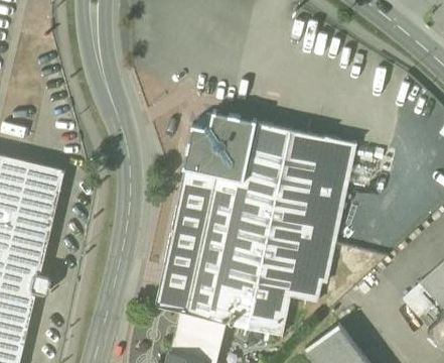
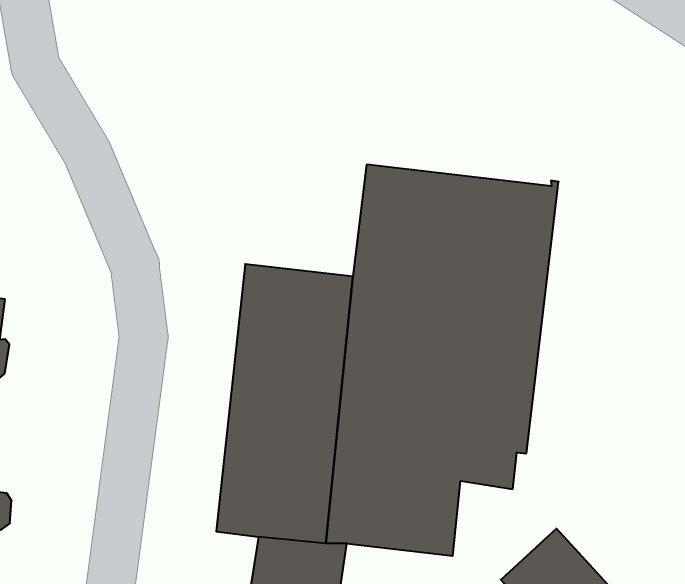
building: [183,111,257,180] -> none

